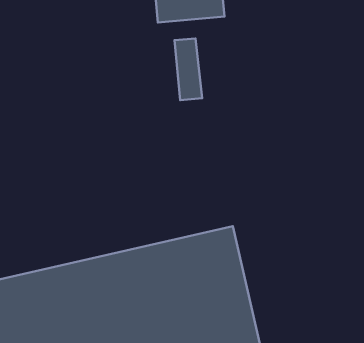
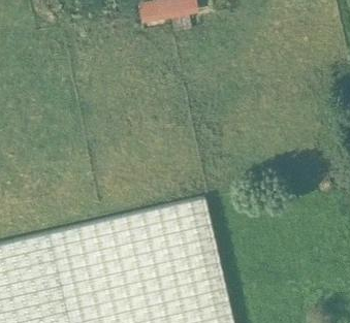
building: [175,38,202,100] -> none

